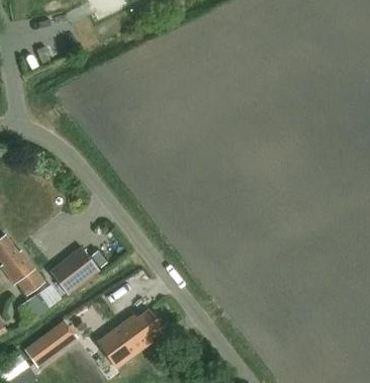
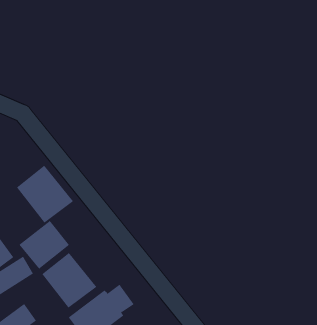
building: none -> [16,165,74,224]
building: none -> [41,252,97,308]

